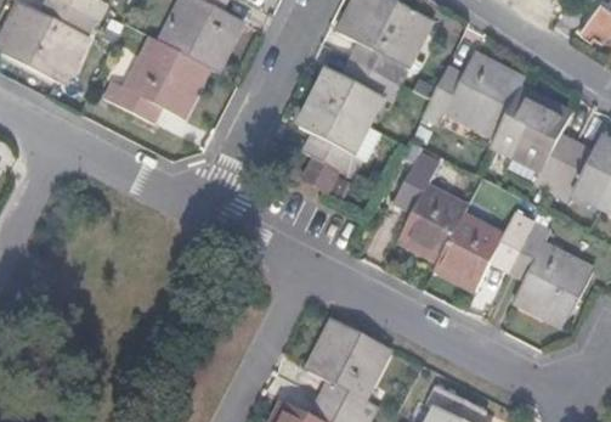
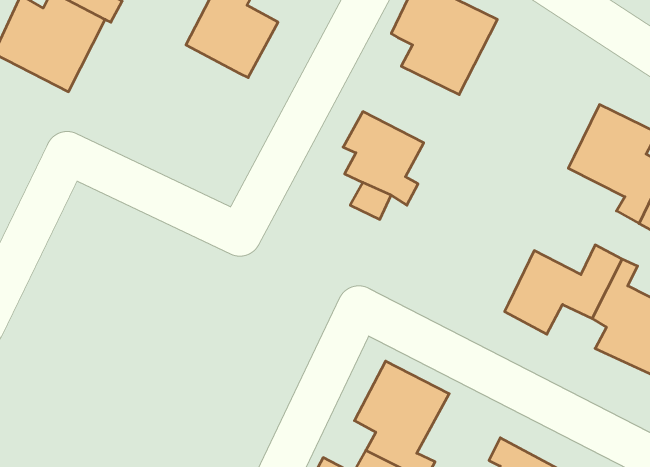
building: [107,38,210,124] -> none
building: [423,60,524,139] -> none
building: [316,61,401,126] -> none
building: [392,156,468,264] -> none

